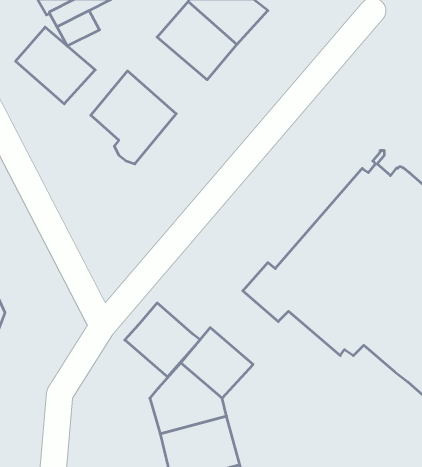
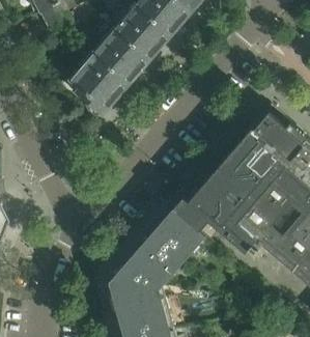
building: [16,27,95,104] -> [92,28,148,82]
building: [125,303,200,377] -> [150,206,203,258]

